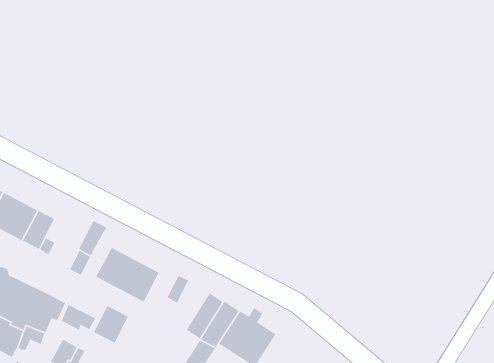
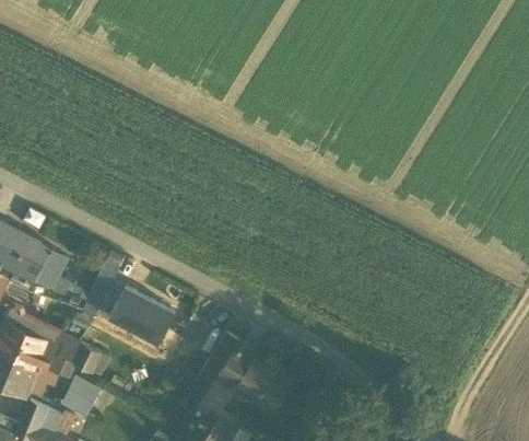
building: [93,305,129,344] -> none

